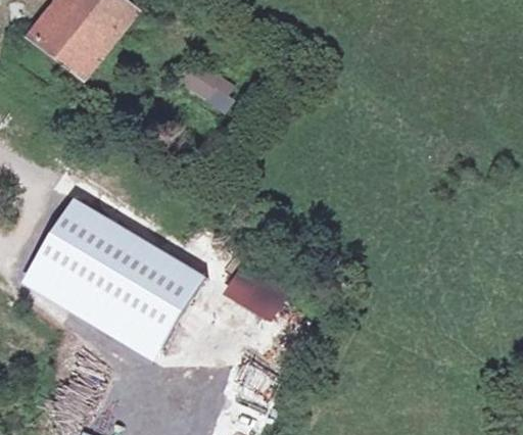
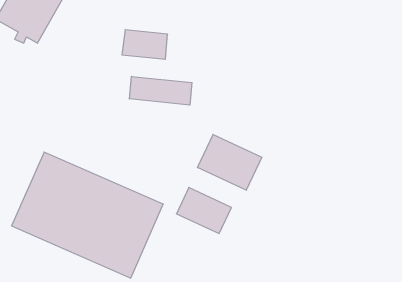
building: none -> [129,76,192,105]
building: none -> [198,134,262,190]

